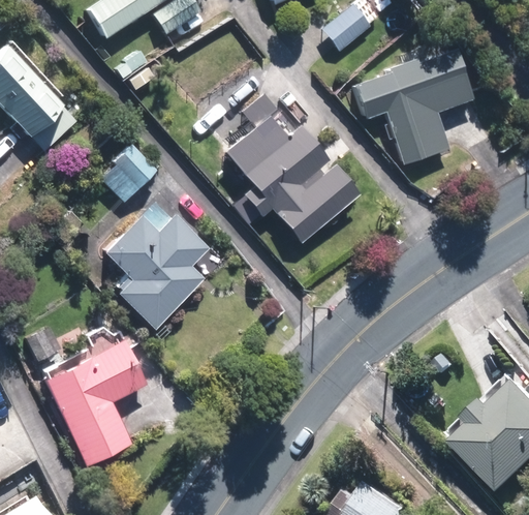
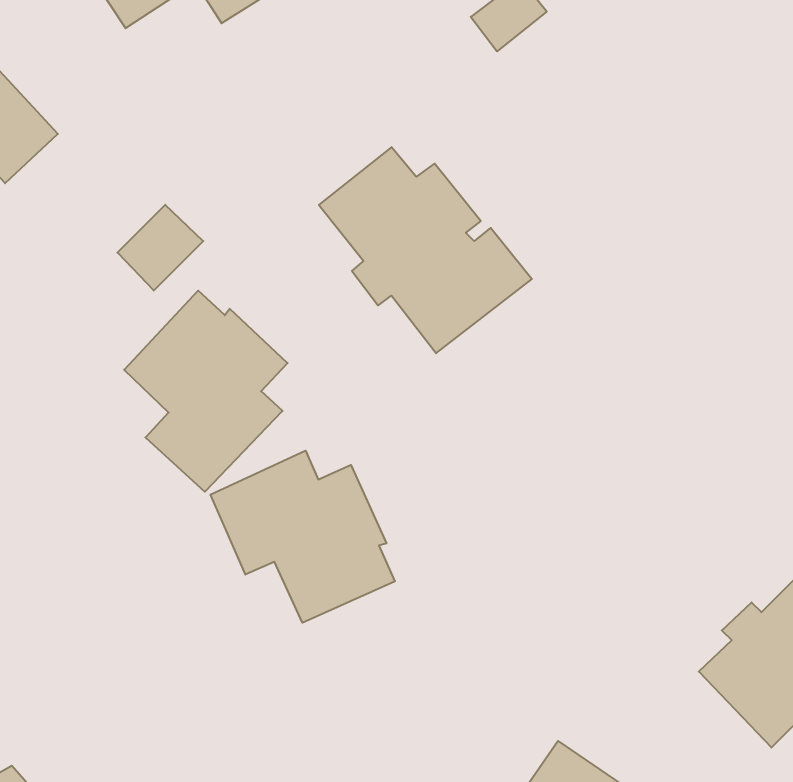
building: [355,49,473,161] -> none
building: none -> [211,451,395,623]
building: [46,342,146,465] -> none

